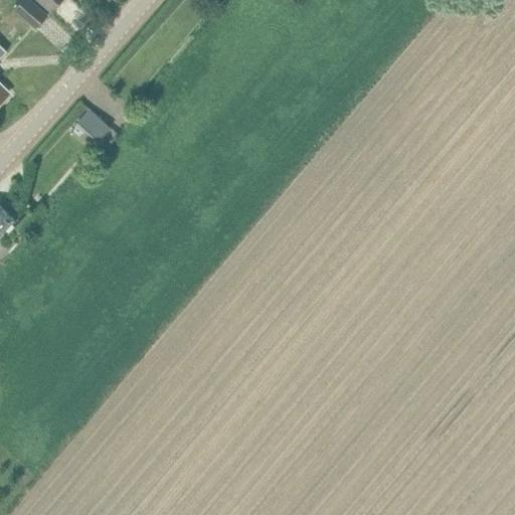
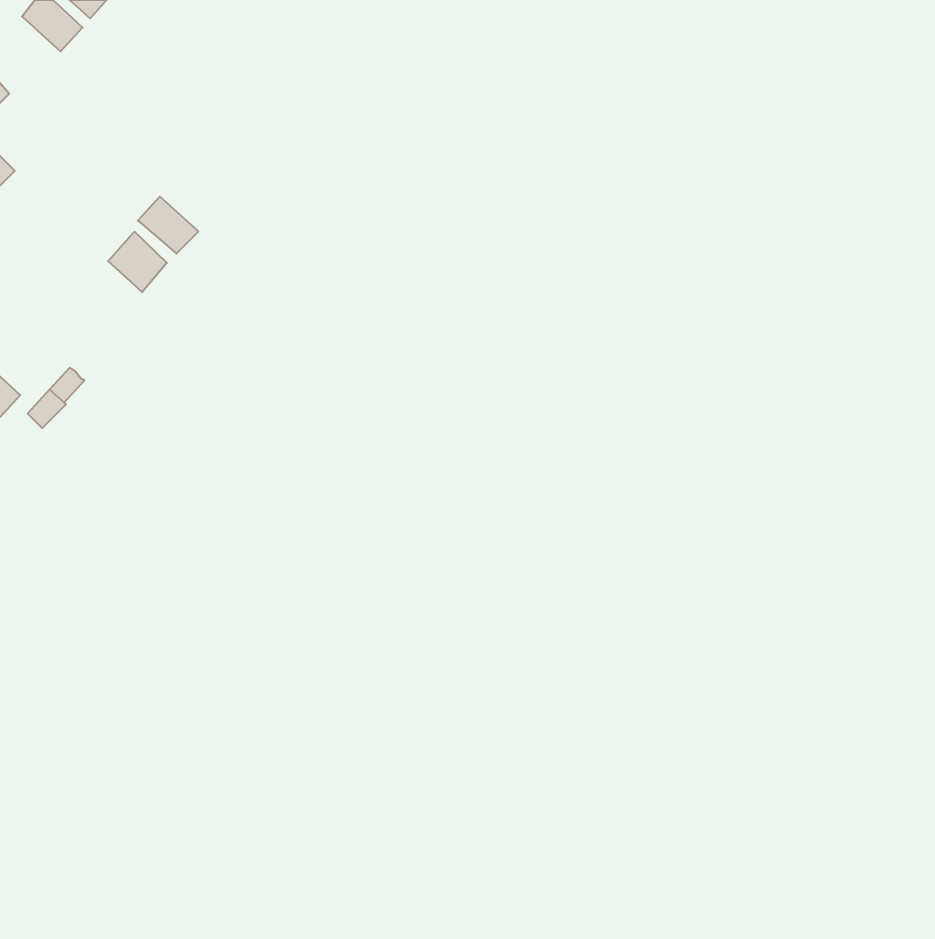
building: none -> [108,232,167,292]

